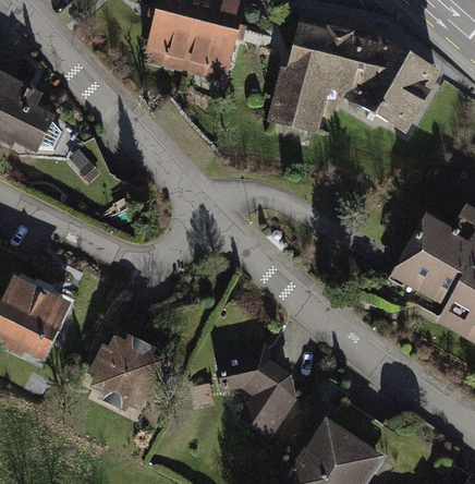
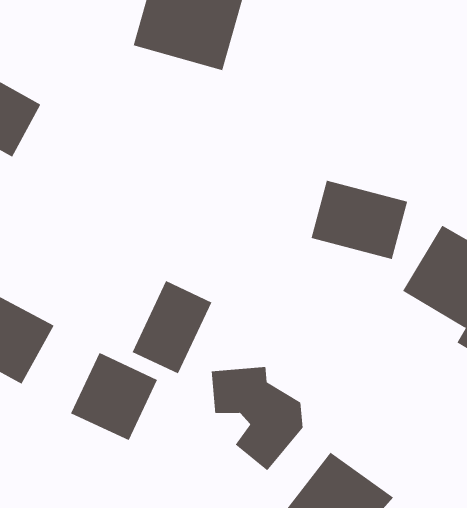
building: [271,15,442,133] -> none
building: none -> [311,180,408,260]
building: none -> [132,280,212,374]

